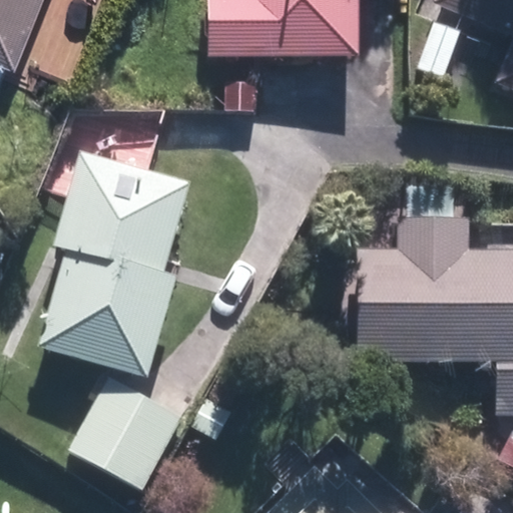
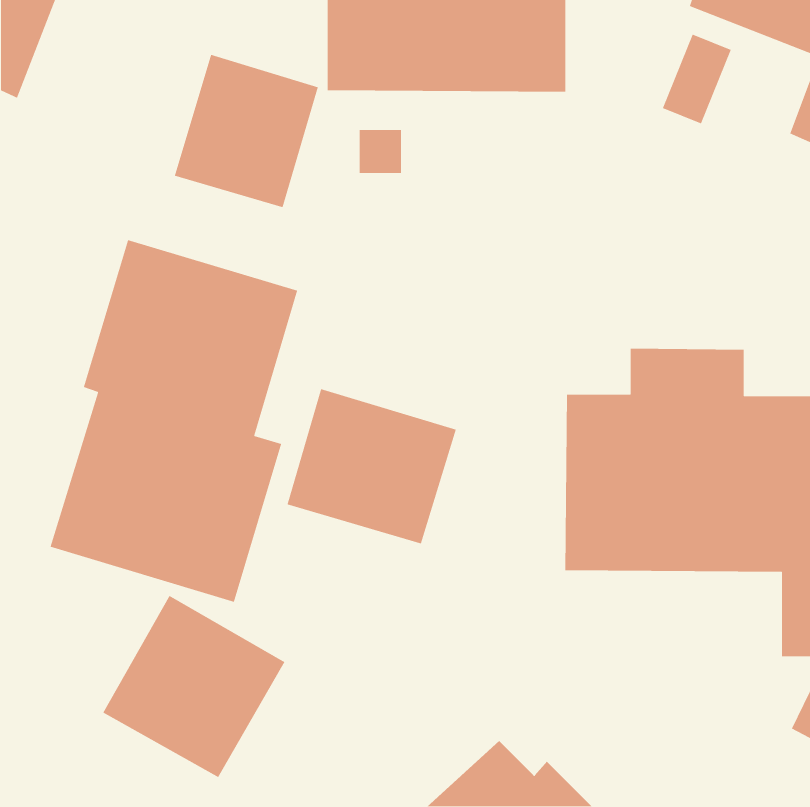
building: none -> [174,54,319,208]
building: none -> [286,388,457,545]

